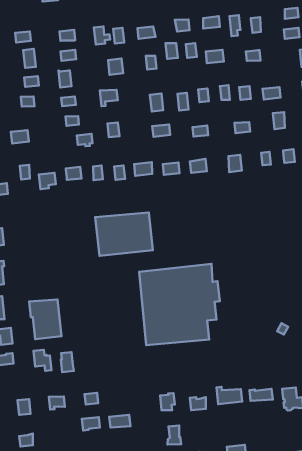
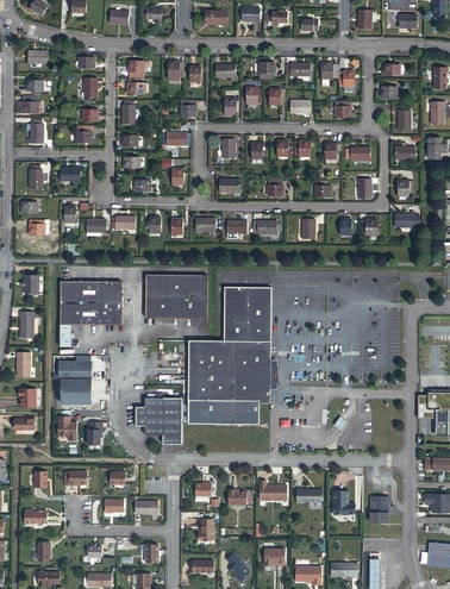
building: none -> [221,287,269,340]
building: none -> [60,281,121,347]
building: none -> [136,396,182,443]

